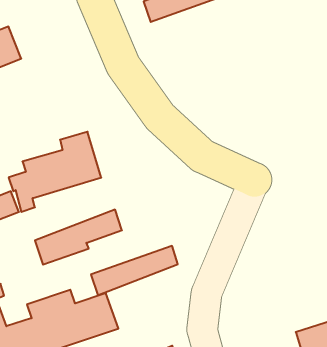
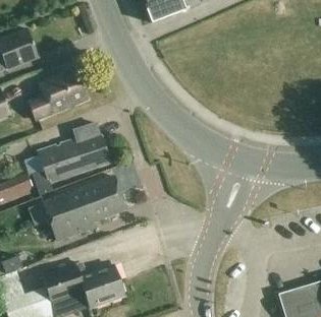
building: none -> [25,74,81,119]
building: [91,246,178,295] -> [43,174,120,217]

